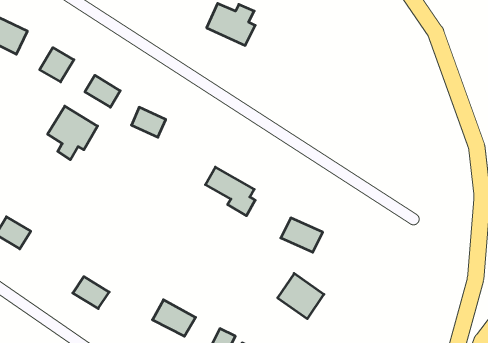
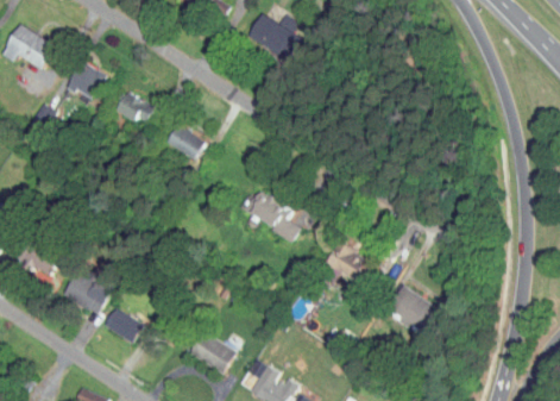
building: [48,106,98,160] -> none
building: none -> [62,272,107,313]
building: [278,273,324,319] -> [384,284,434,333]

